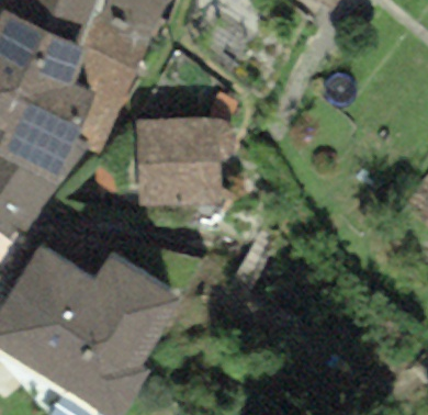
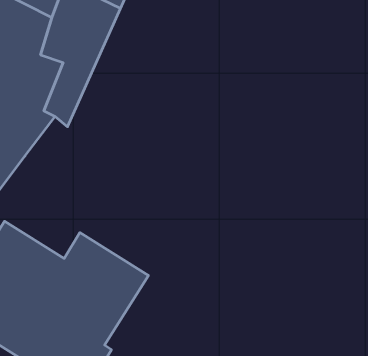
building: [138,114,219,202] -> none

